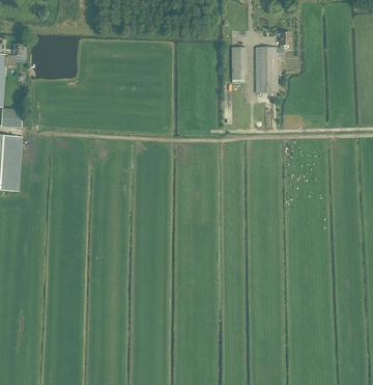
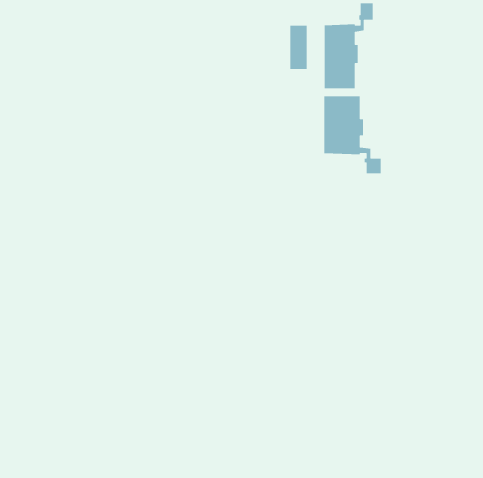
building: none -> [324,95,382,174]

